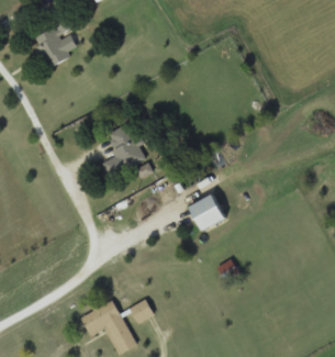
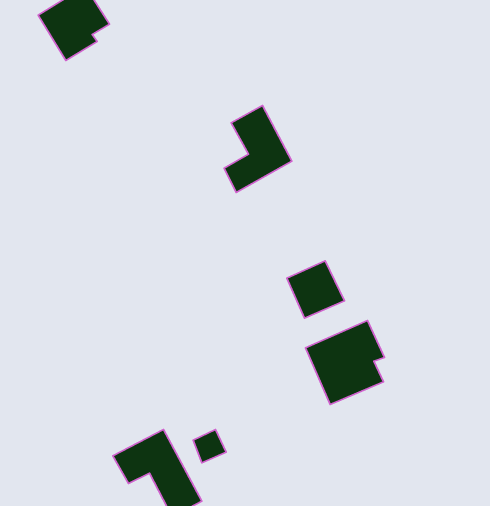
building: [102,123,145,178] -> [224,105,292,192]
building: none -> [306,320,384,405]

